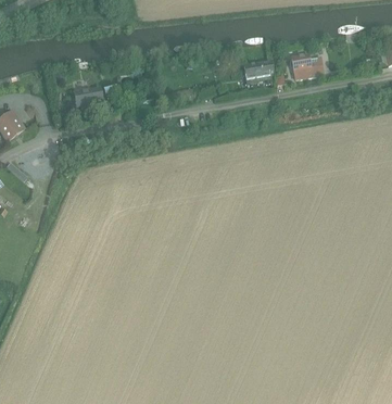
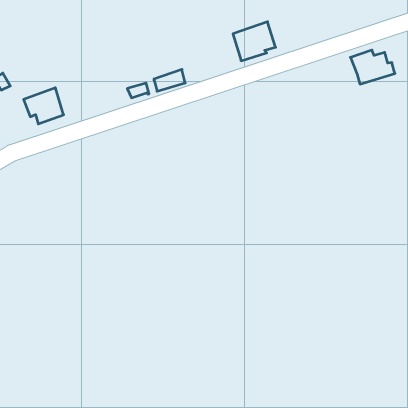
building: [290,53,323,78] -> [350,50,395,84]

